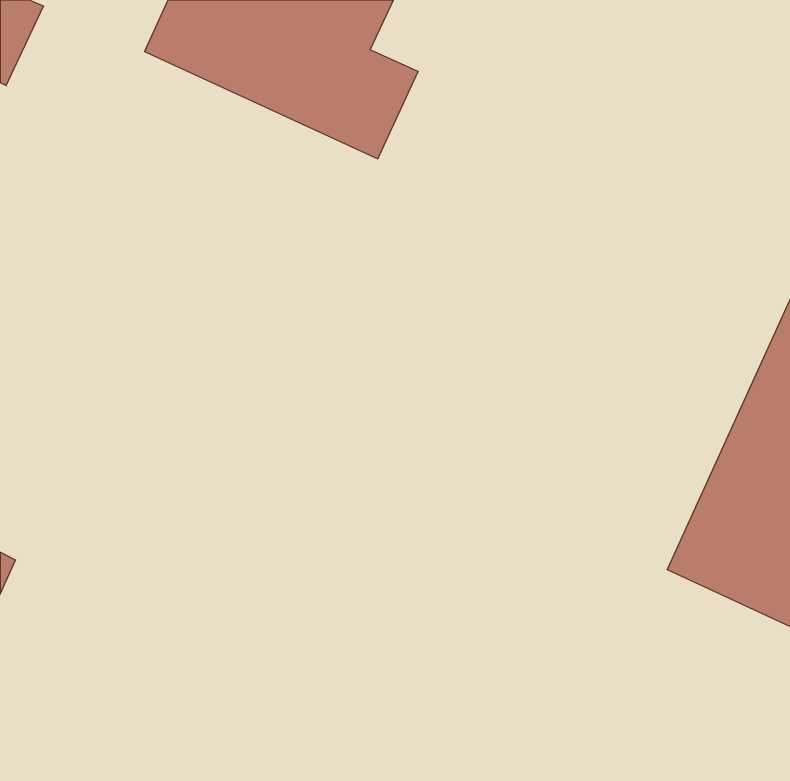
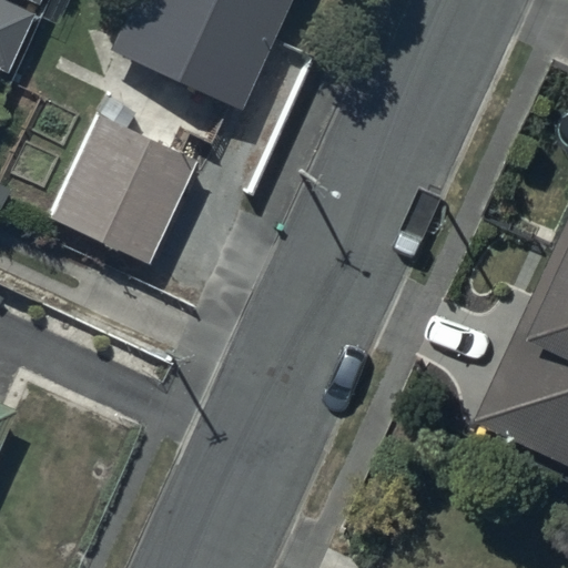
building: none -> [52,115,194,262]

